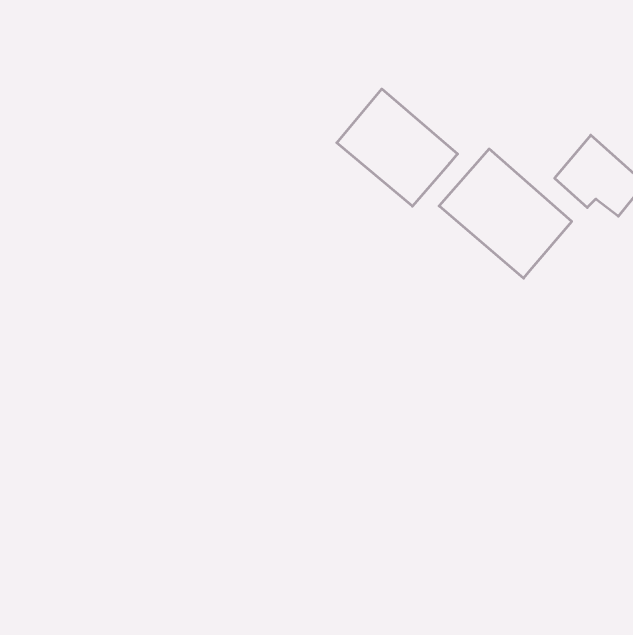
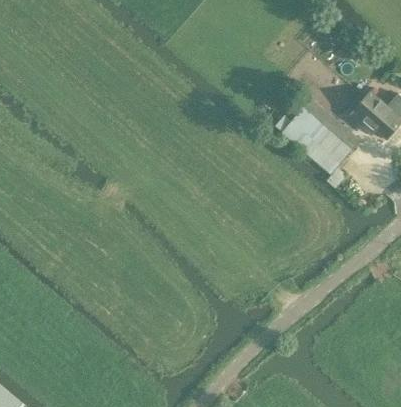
building: [337,89,458,206] -> none

